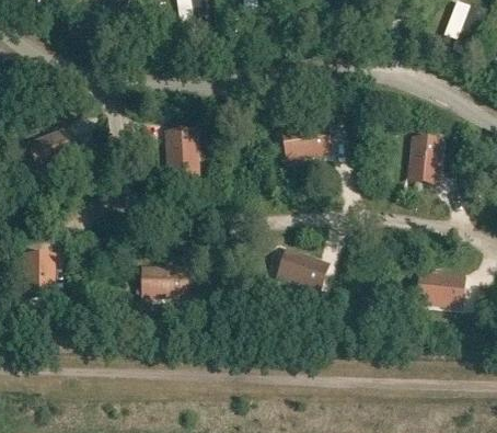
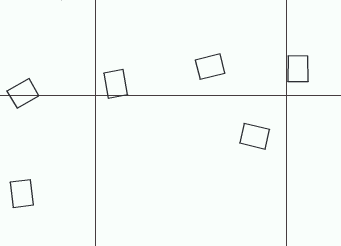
building: [285,251,326,288] -> [240,123,270,149]
building: [151,266,185,294] -> none
building: [425,274,462,305] -> none

